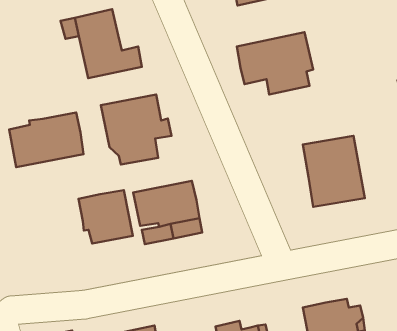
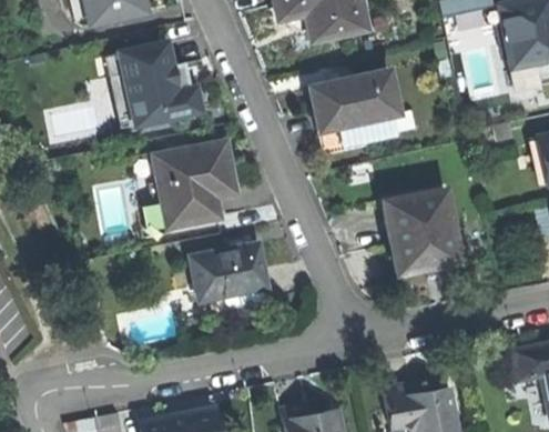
building: [9,112,84,167] -> none
building: [78,190,133,244] -> none

